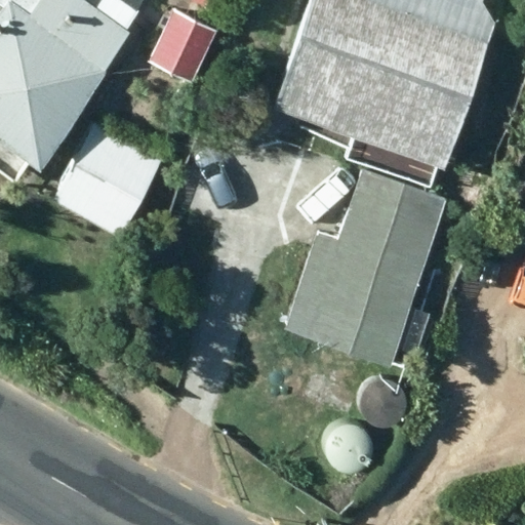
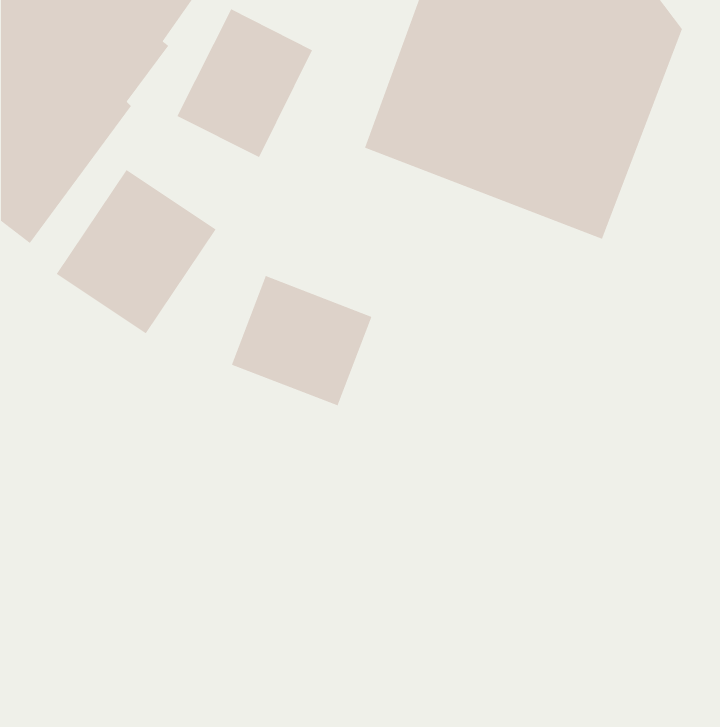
building: [281,170,451,373] -> none
building: none -> [231,275,372,406]

